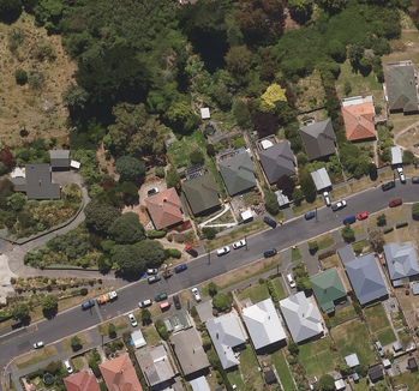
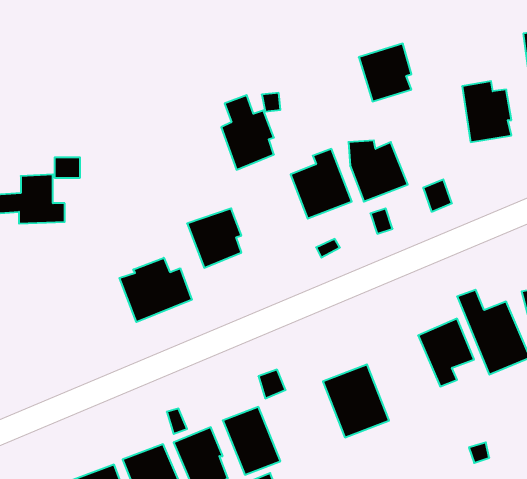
building: [300,119,337,160] -> [359,44,411,101]
building: [184,161,221,213] -> [221,95,274,170]
building: none -> [119,258,192,322]
building: [279,290,325,342] -> none
building: [206,311,247,368] -> none

